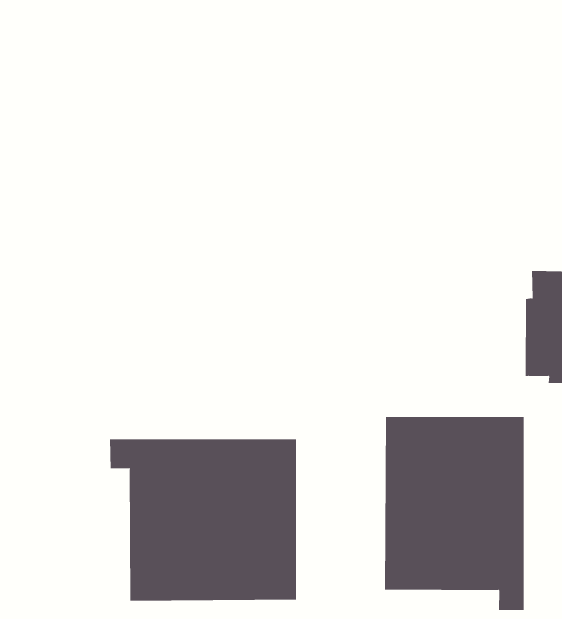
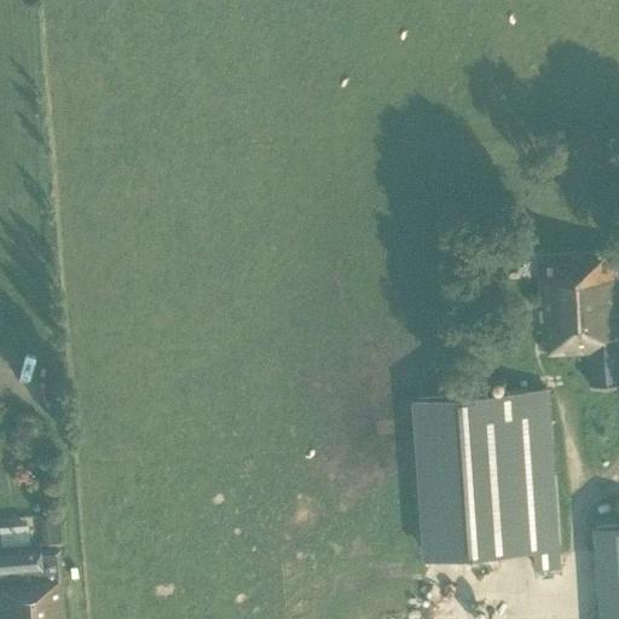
building: [110,439,297,602] -> none

